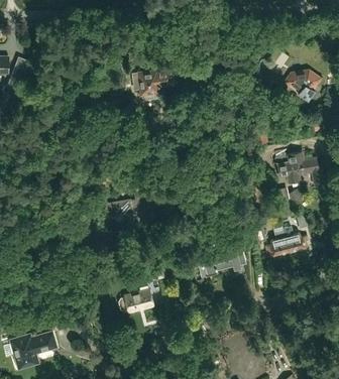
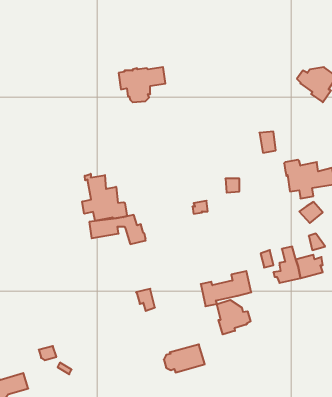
building: none -> [82,174,127,221]
building: none -> [217,300,251,334]
building: [118,288,153,312] -> [164,344,205,372]

